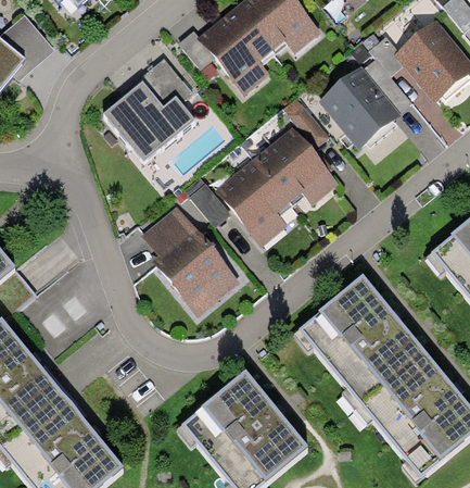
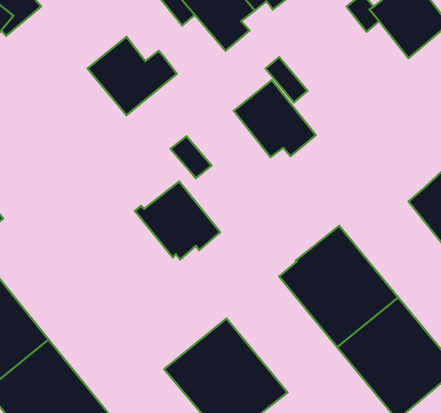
building: [140,59,193,107] -> none
building: [319,66,402,150] -> none
building: [215,158,292,248] -> none
building: [142,208,198,259] -> none

